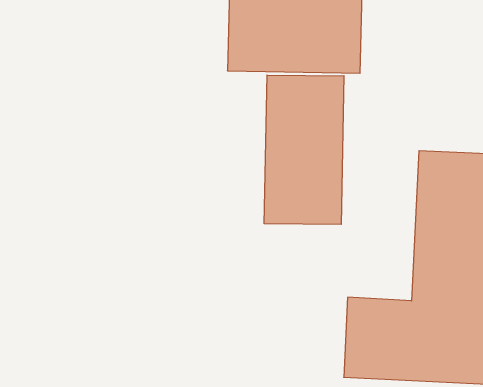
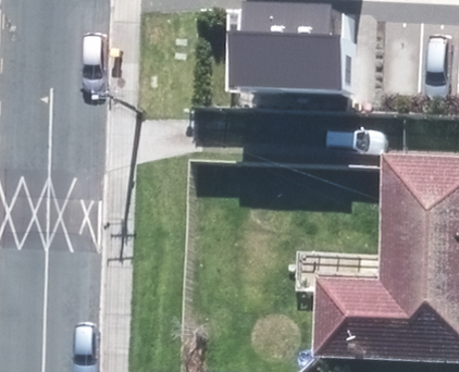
building: [264,75,344,224] -> none

